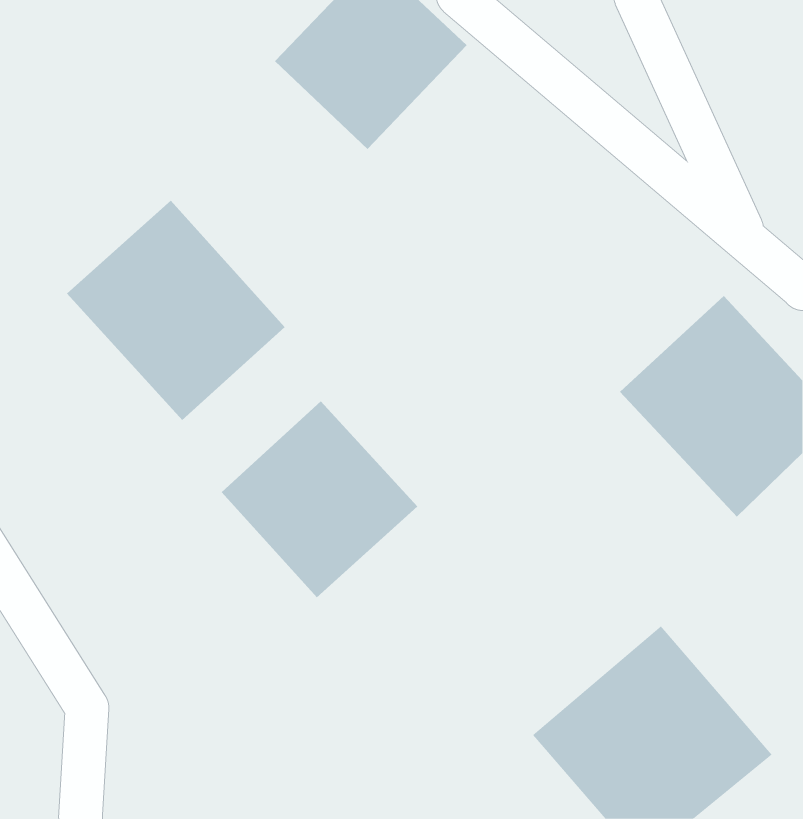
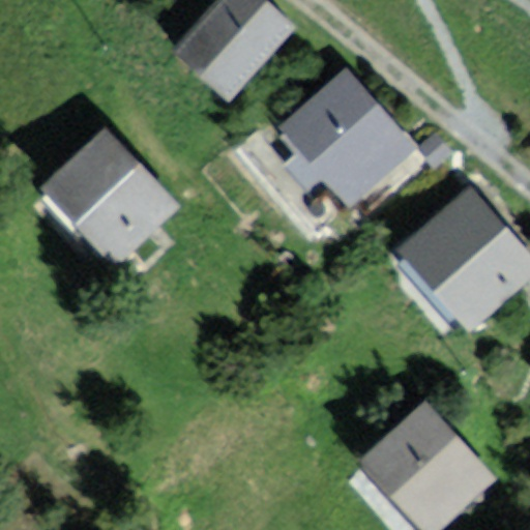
building: none -> [275,73,410,208]
building: [221,400,418,598] -> none

